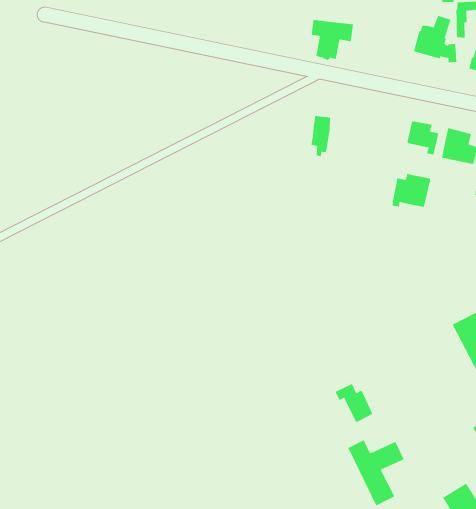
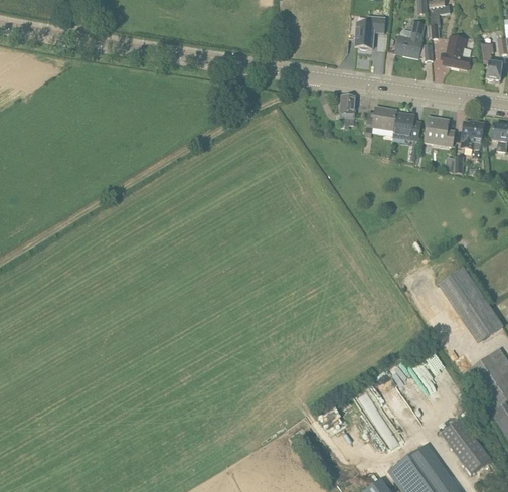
building: [311,20,354,60] -> [349,14,385,48]
building: [311,115,331,157] -> [339,93,355,128]
building: [392,174,431,208] -> [364,106,396,135]
building: [335,383,373,423] -> none

